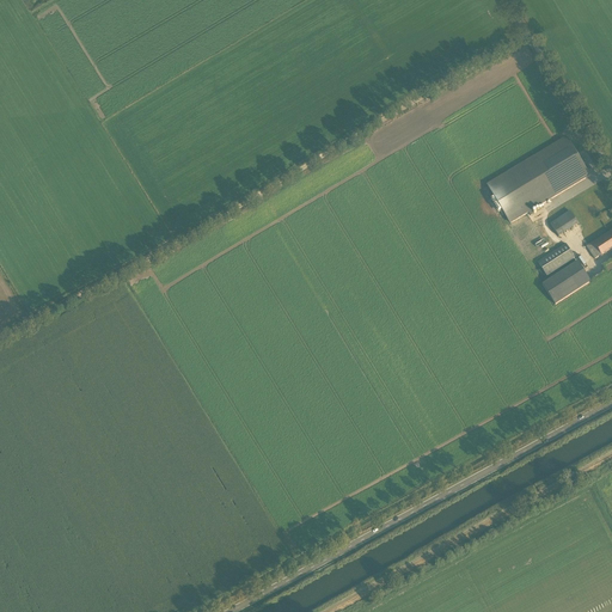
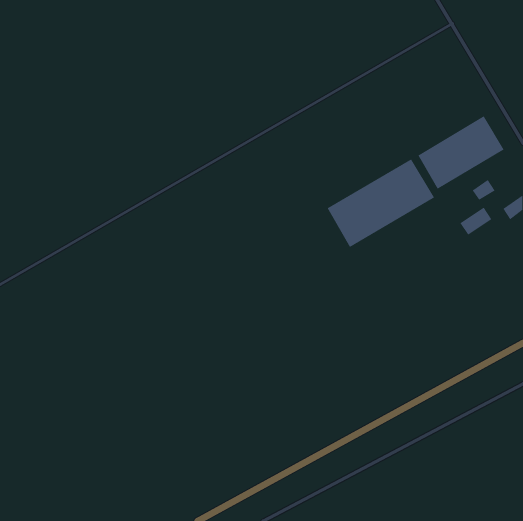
building: none -> [327,159,435,248]
building: [543,259,590,302] -> none

